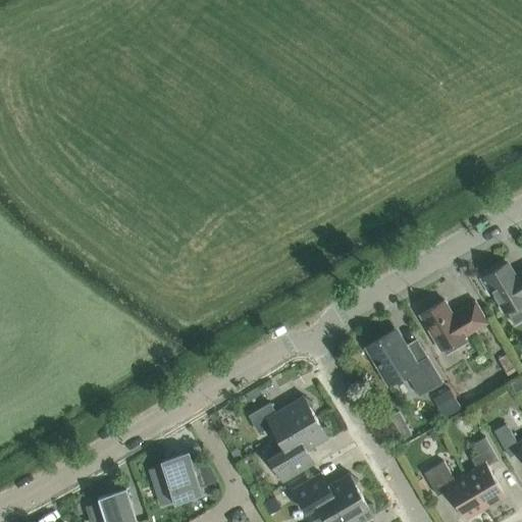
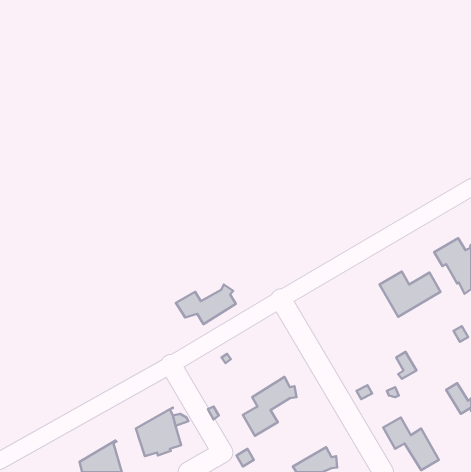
building: [367,330,441,396] -> none
building: [248,395,314,438] -> [176,284,236,324]
building: [465,437,505,508] -> none
building: [294,472,360,515] -> none

